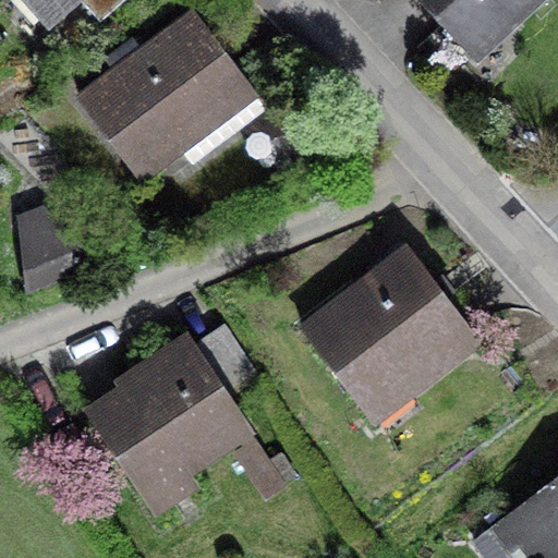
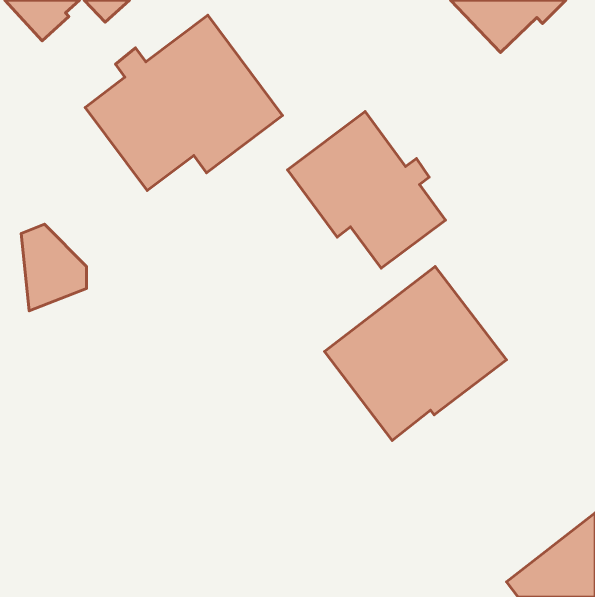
building: none -> [288,112,445,268]
building: [93,325,258,489] -> none

